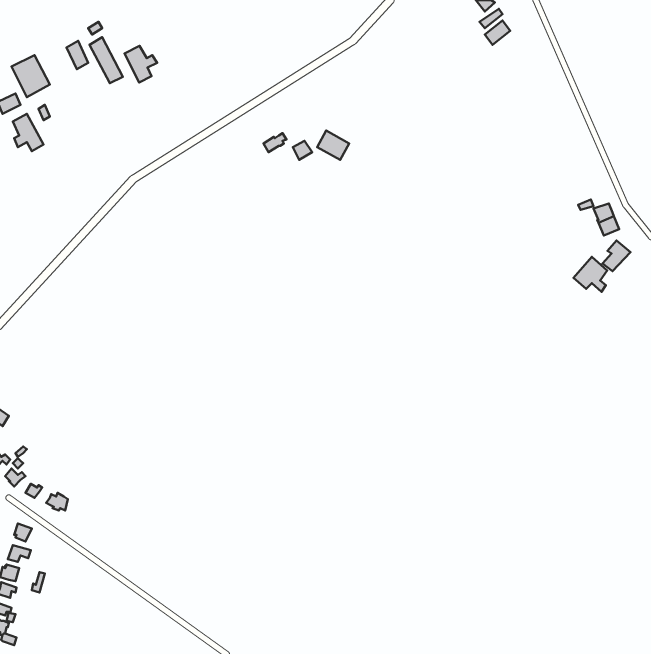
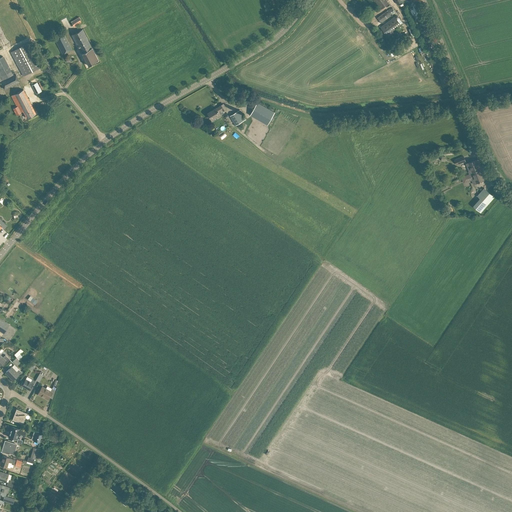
building: [124,46,157,82] -> none
building: [573,257,607,292] -> none

